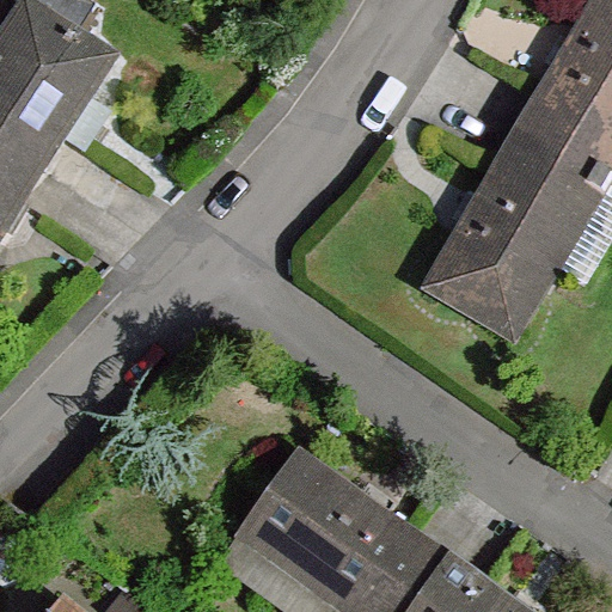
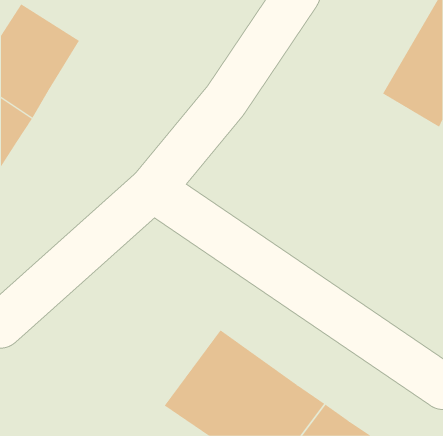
building: [437,129,606,328] -> none

